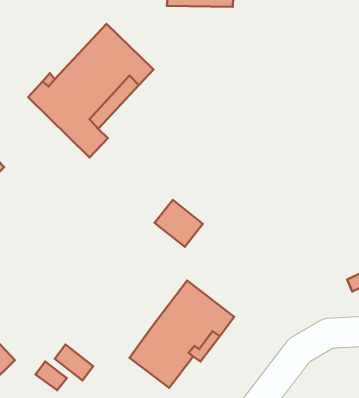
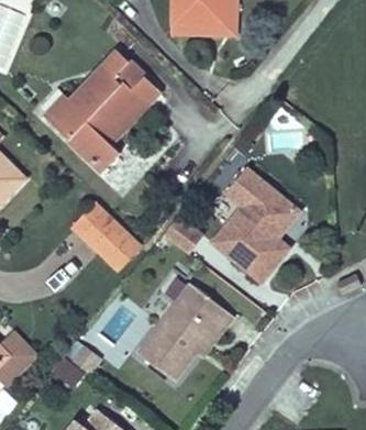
building: none -> [212,167,299,282]
building: none -> [71,203,137,268]

